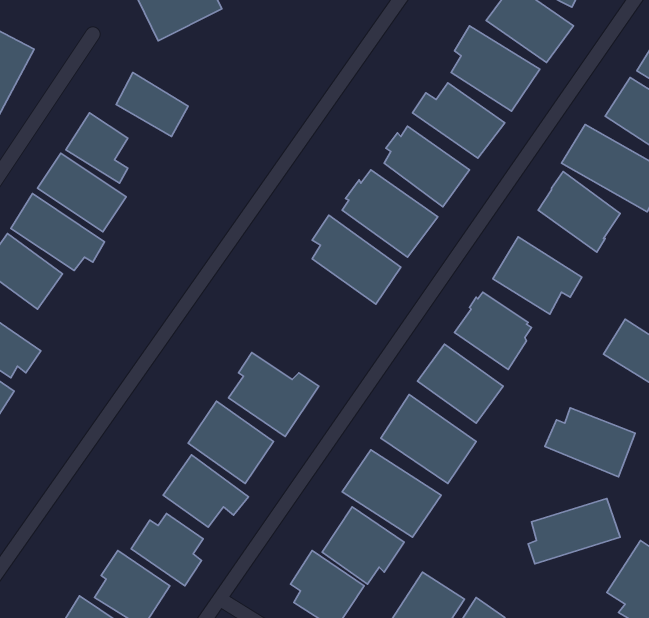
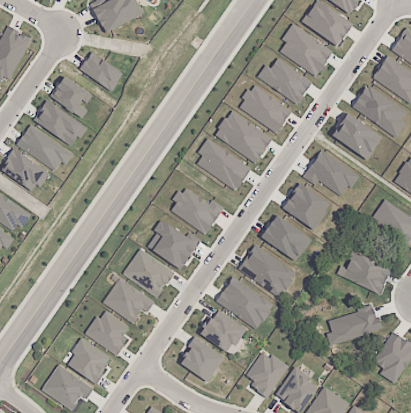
building: none -> [170,188,224,234]

